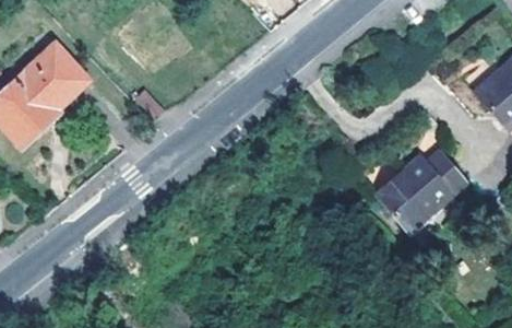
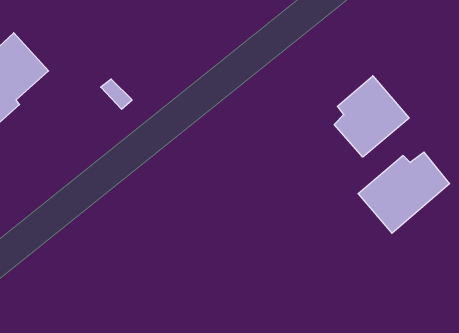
building: none -> [334,76,409,157]

